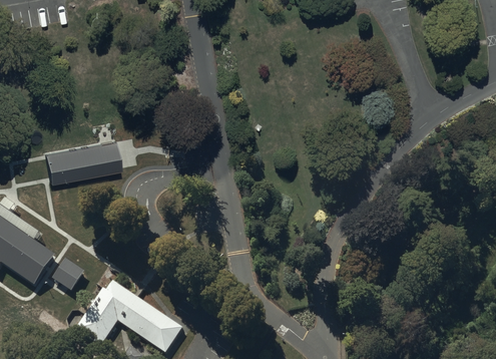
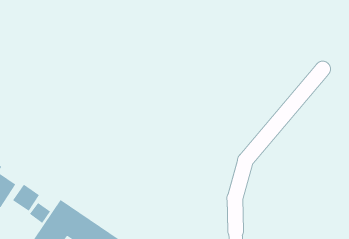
building: [45,138,121,183] -> none
building: none -> [29,202,51,224]

